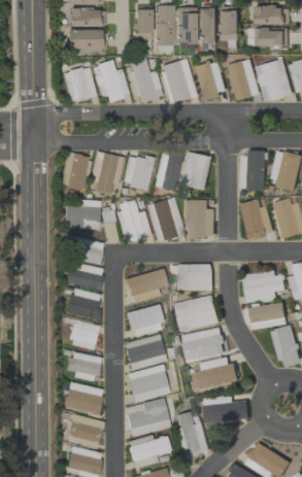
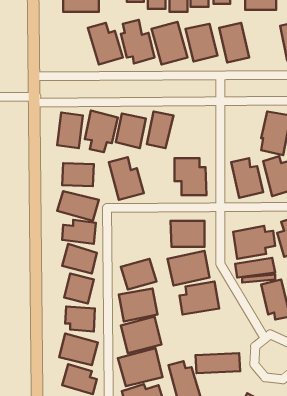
building: [258,60,293,102] -> none
building: [62,66,96,102] -> none
building: [179,151,213,191] -> none
building: [241,152,267,191] -> none
building: [146,197,183,242] -> none
building: [127,270,166,302] -> none
building: [193,357,239,390] -> none

